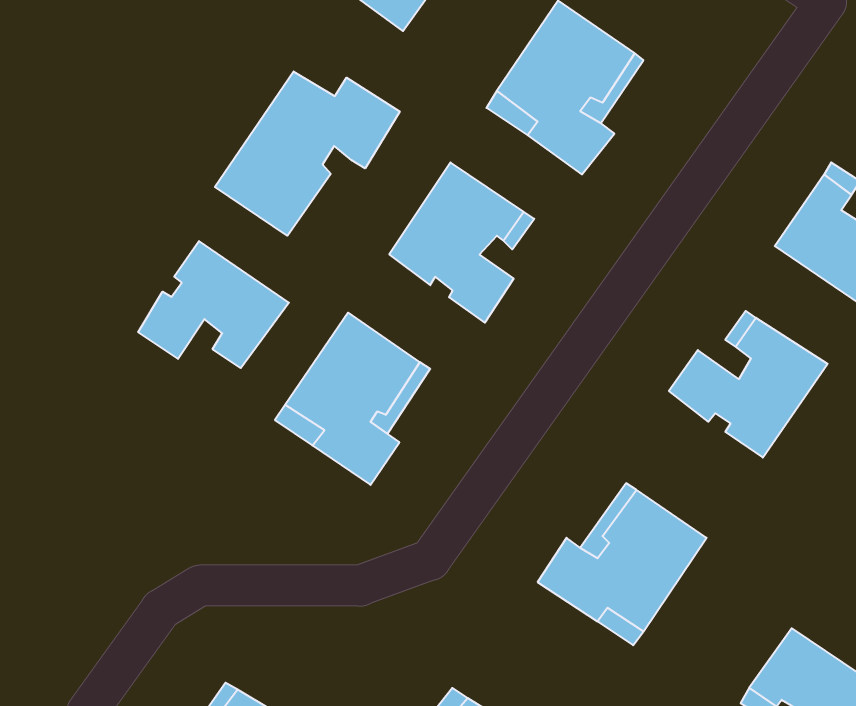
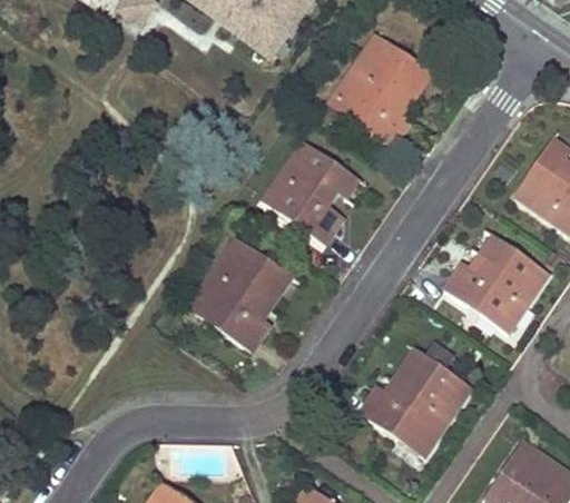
building: [215,71,400,236] -> none
building: [138,241,289,368] -> none

